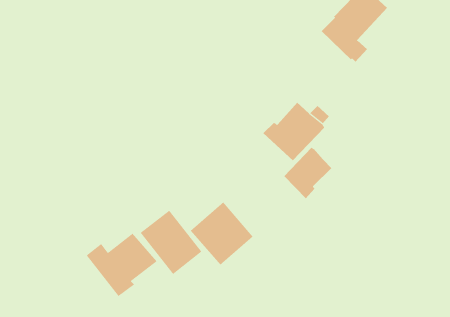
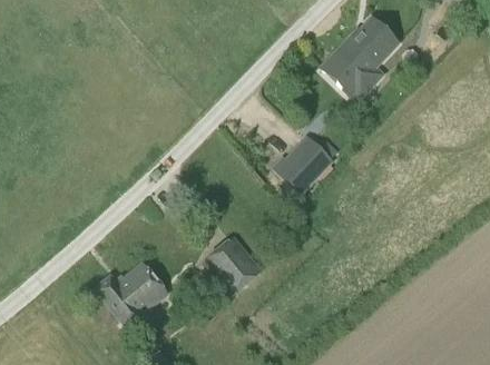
building: [283,147,332,199] -> none
building: [140,210,202,275] -> none

